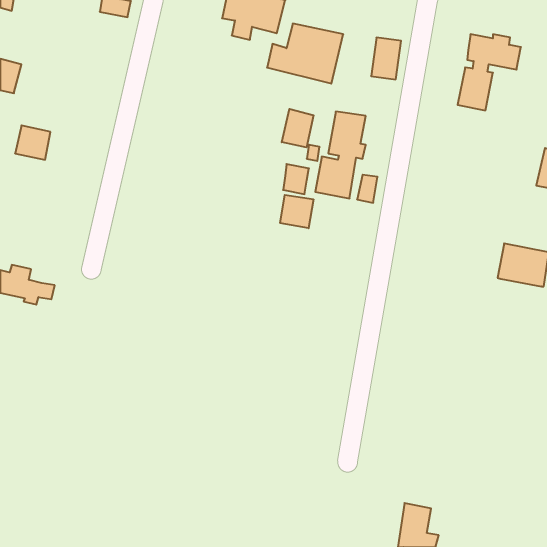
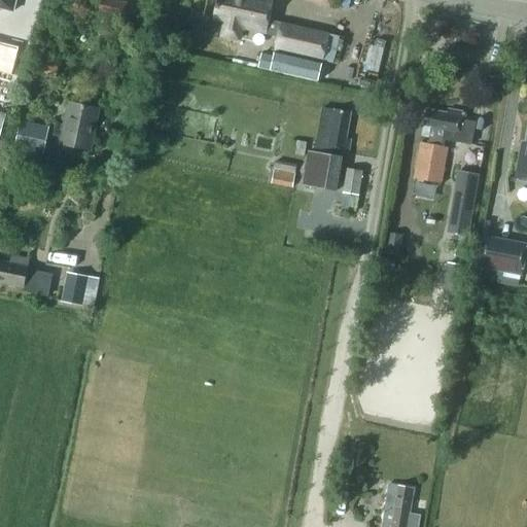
building: [458,34,521,110] -> [415,109,476,182]
building: none -> [55,101,100,149]
building: [282,109,314,147] -> none
building: none -> [448,169,478,235]
building: [280,195,313,228] -> none
building: none -> [63,272,91,305]

